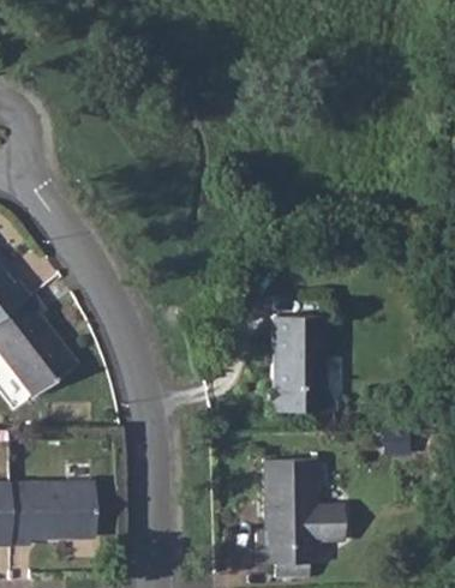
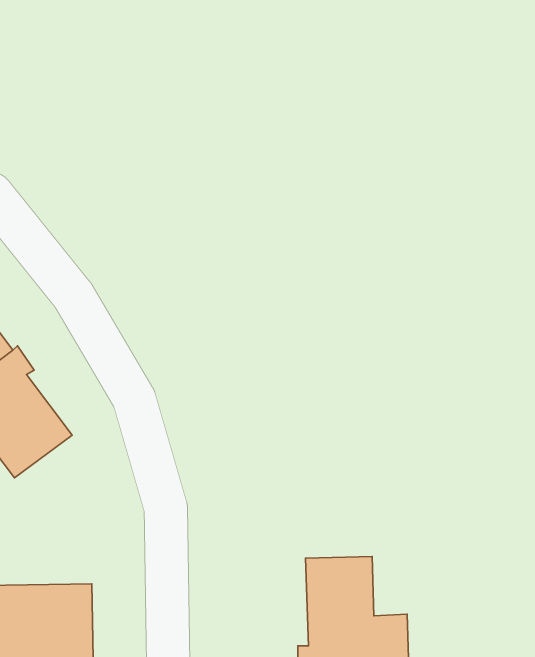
building: [270,314,337,412] -> none

